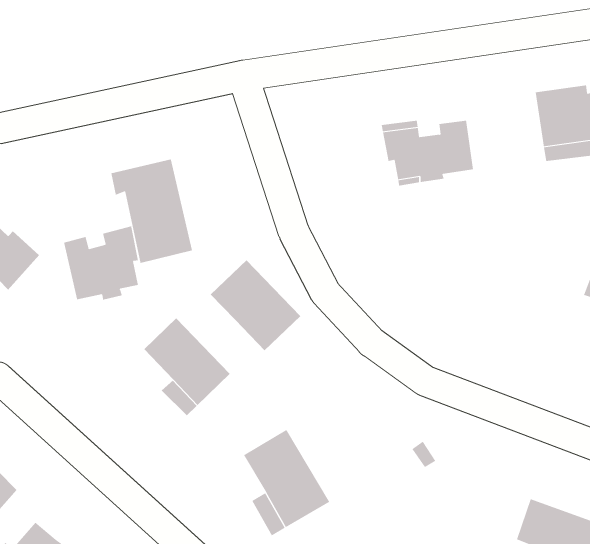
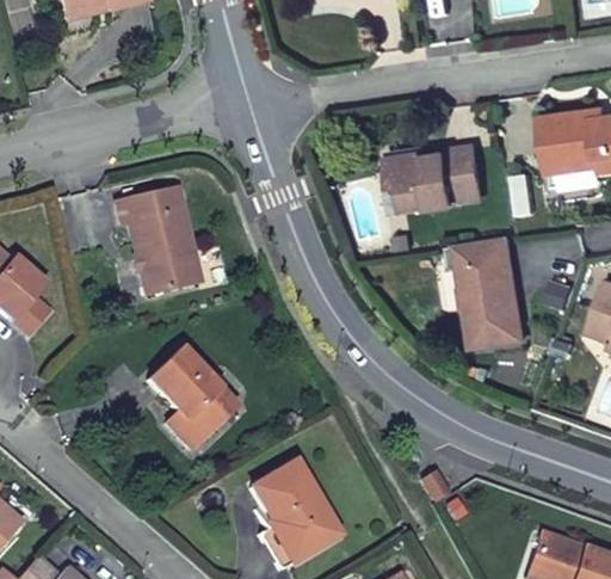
building: none -> [461,238,527,347]
building: [63,226,139,301] -> none
building: [210,259,301,351] -> none

